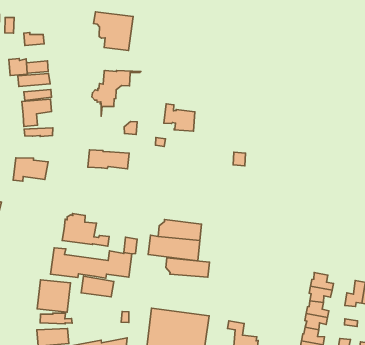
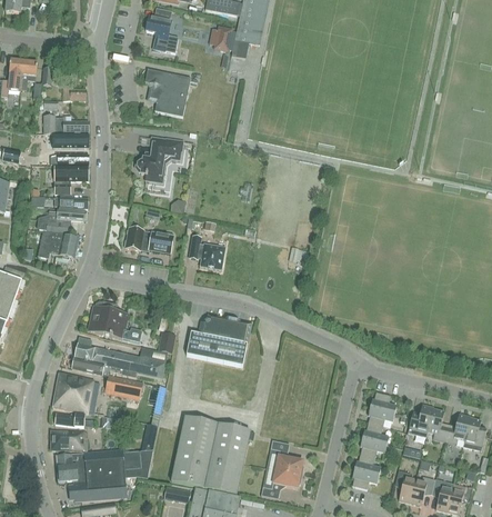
building: [164,104,195,131] -> [188,236,224,270]
building: none -> [46,209,86,233]
building: [166,258,209,277] -> none

